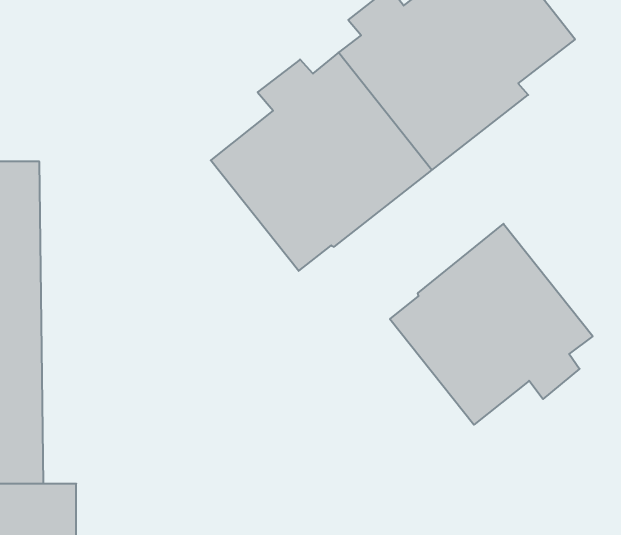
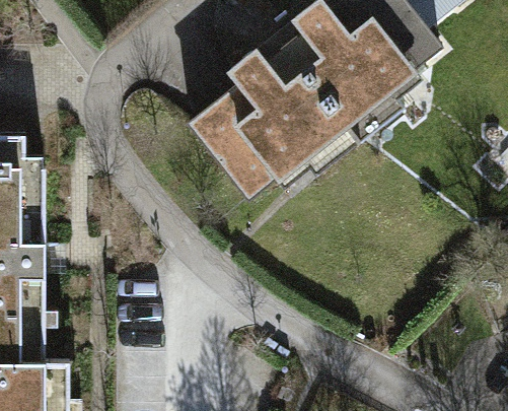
building: [390,224,593,425] -> none

